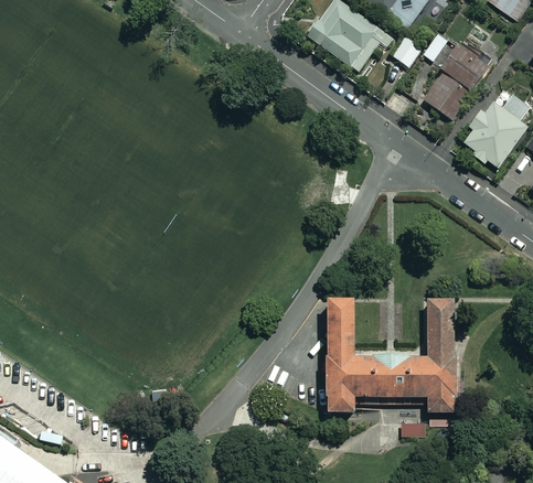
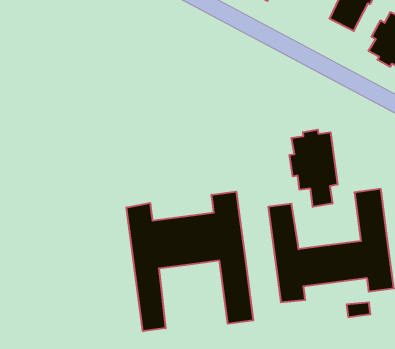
building: none -> [290,130,337,207]
building: none -> [127,192,253,331]

